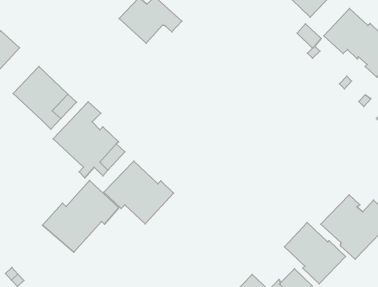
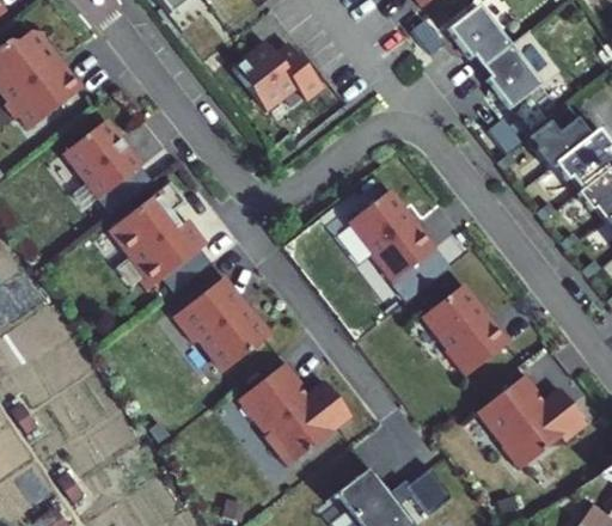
building: none -> [350,190,435,281]
building: [43,181,119,252] -> none
building: none -> [239,360,351,465]
building: [285,223,346,284] -> [423,285,509,375]

